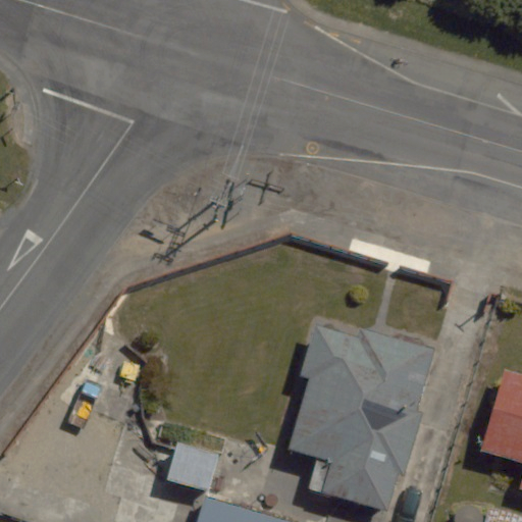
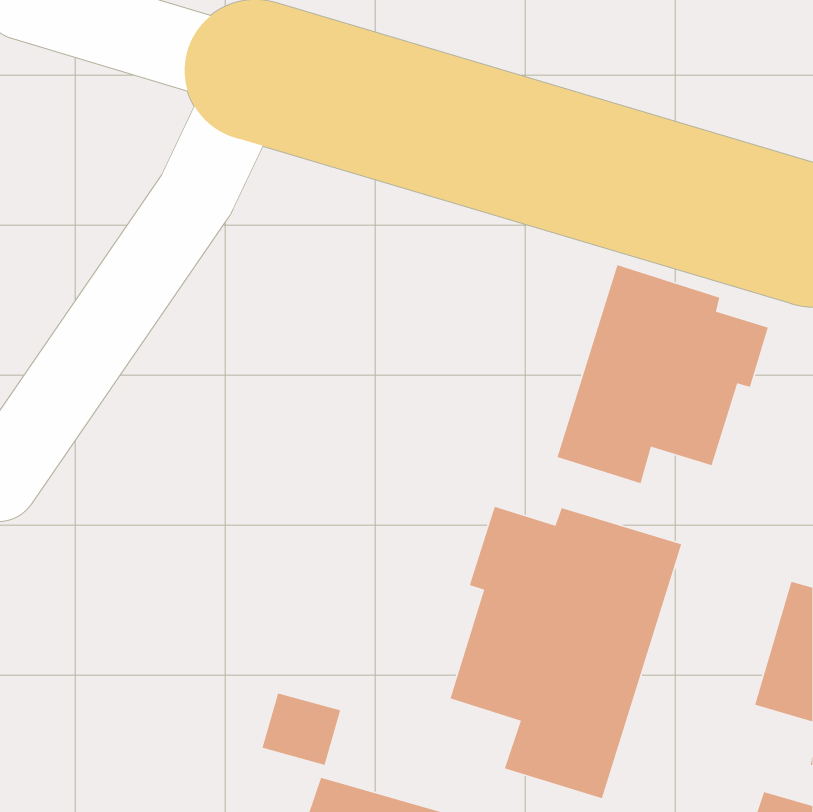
building: none -> [557,264,769,484]

